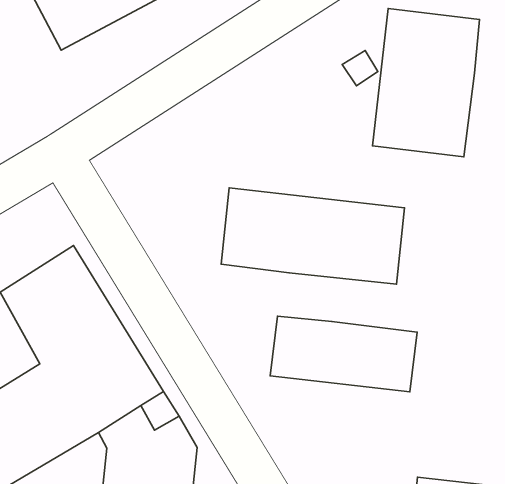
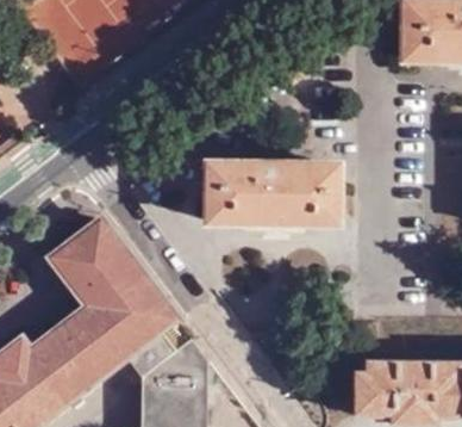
building: [372,8,479,157] -> none
building: [270,316,417,392] -> none

